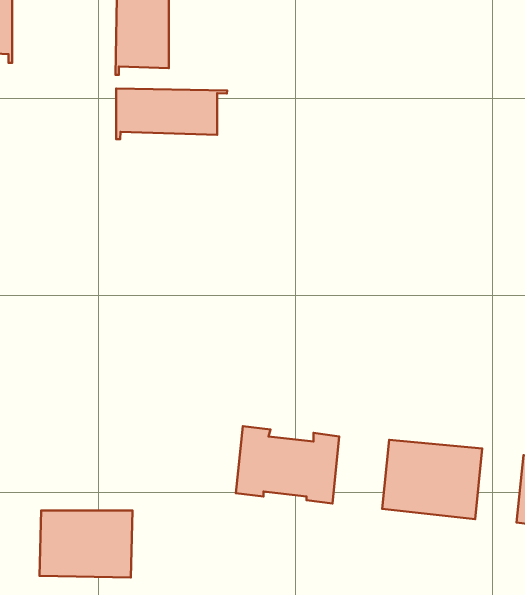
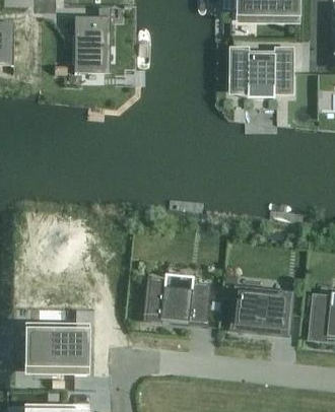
building: none -> [232,50,289,90]
building: [116,89,227,139] -> none

